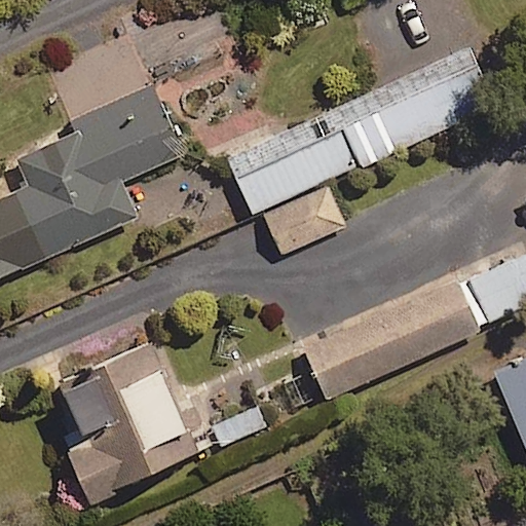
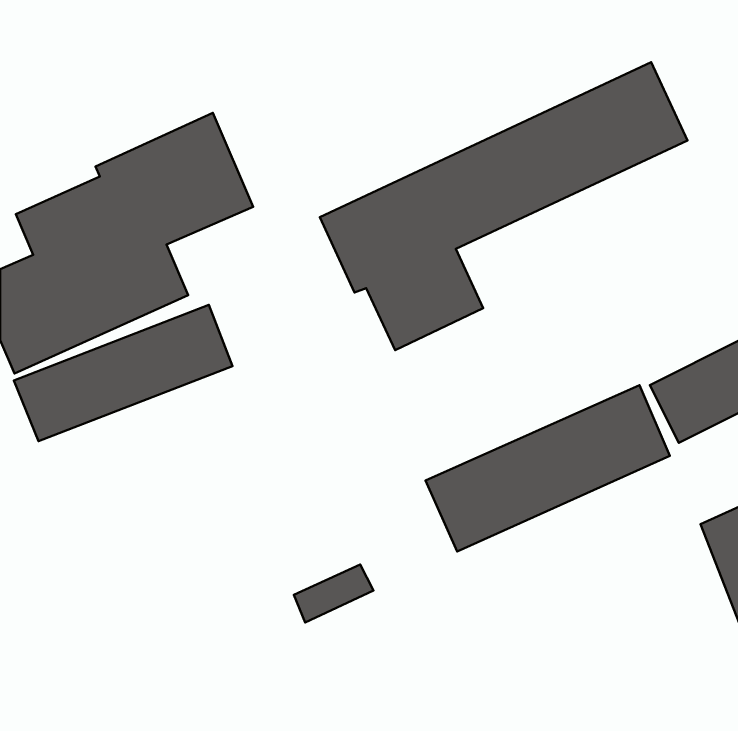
building: none -> [14,305,232,441]
building: [52,336,194,499] -> none

